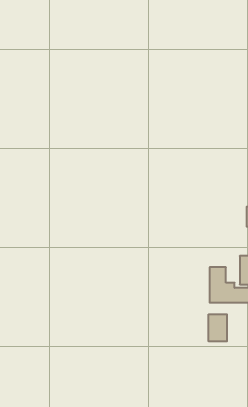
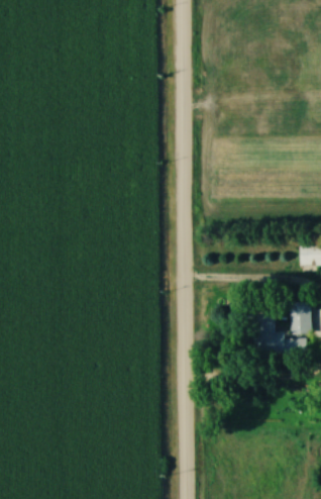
building: [209,314,227,341] -> none

